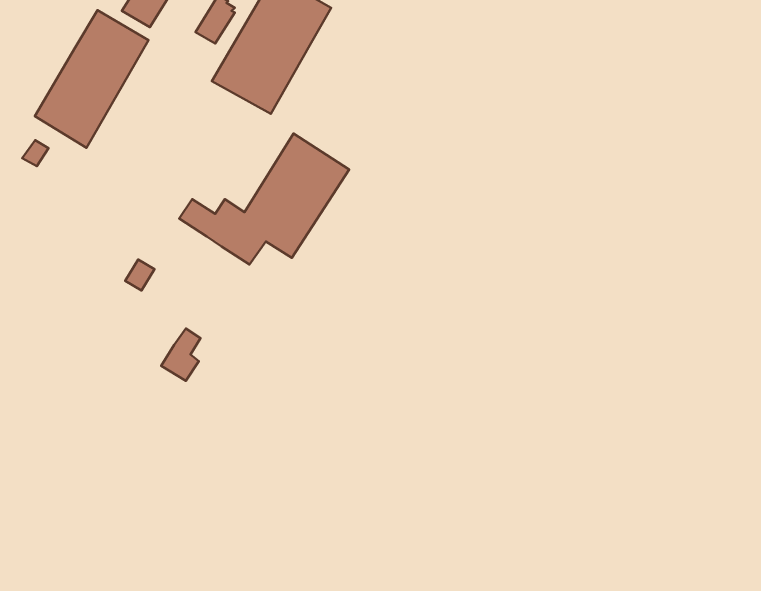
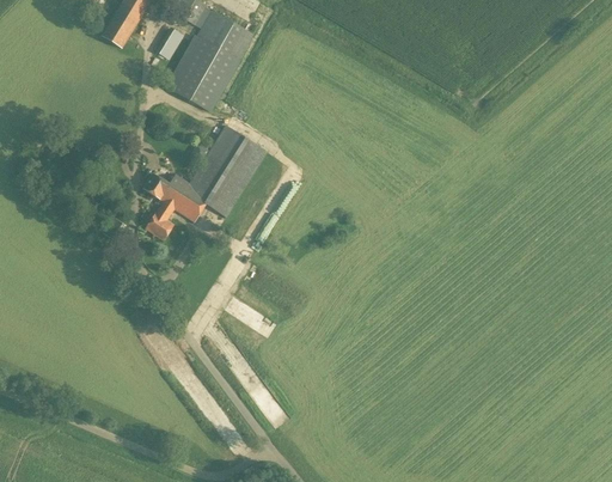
building: [35,10,149,148] -> none
building: [161,328,200,381] -> [145,201,173,239]

